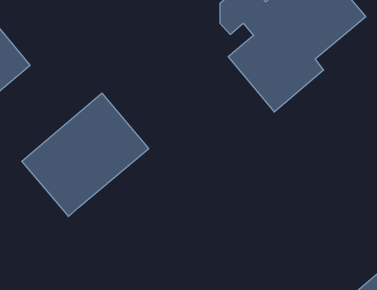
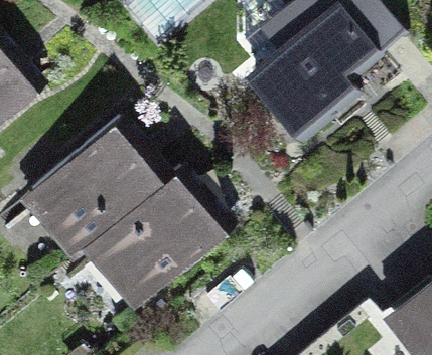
building: none -> [88,173,225,306]

